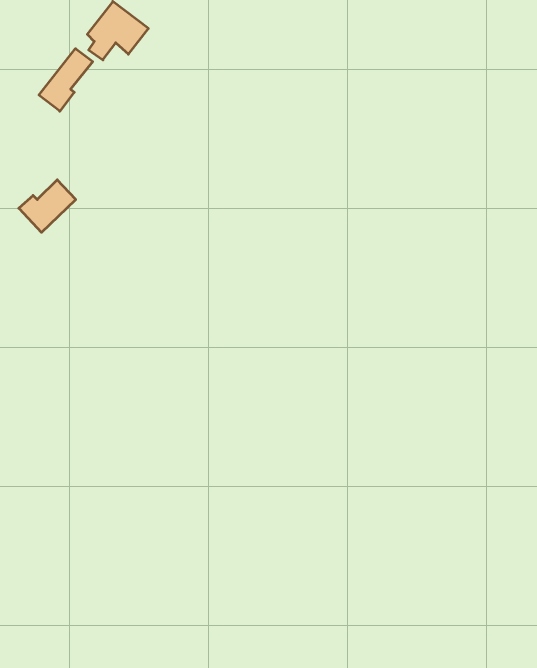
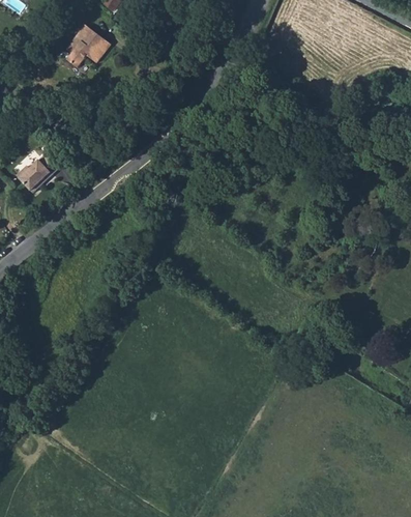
building: [39,49,93,111] -> none

